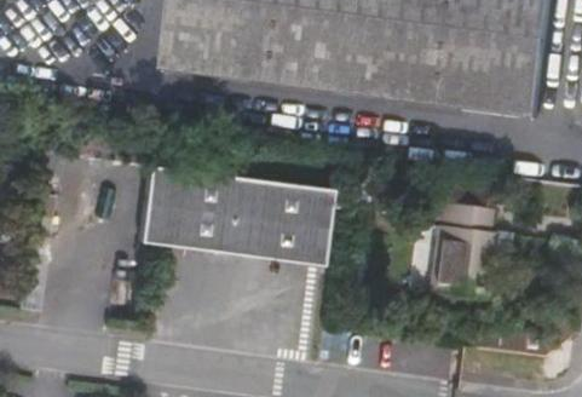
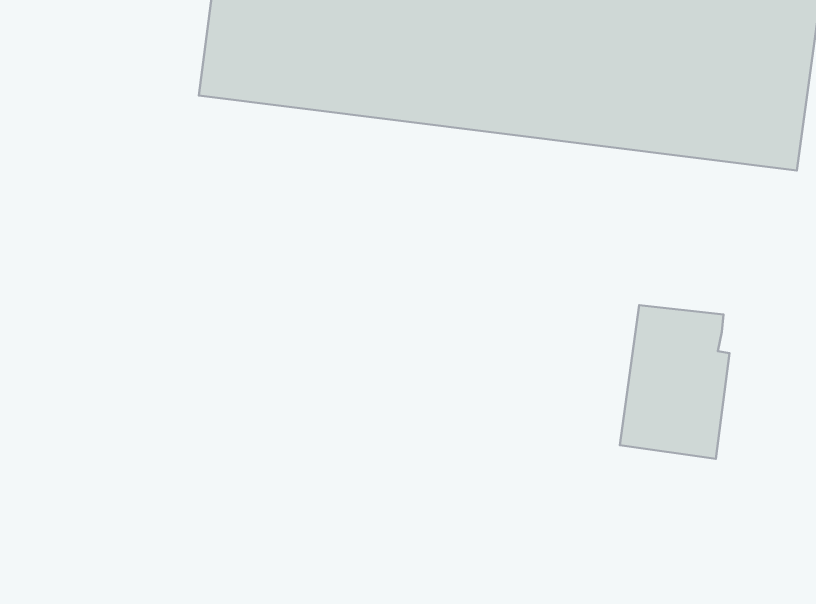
building: [128,168,322,267] -> none

